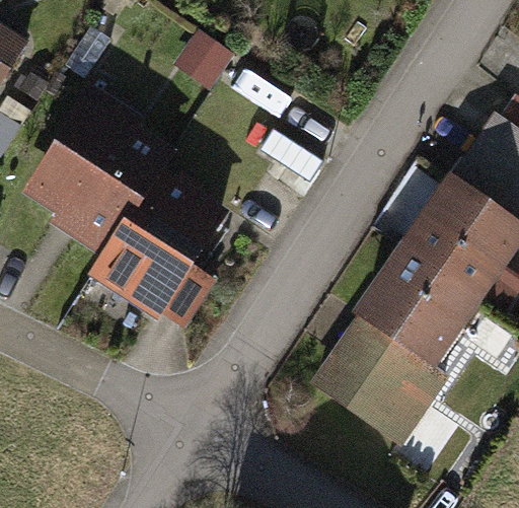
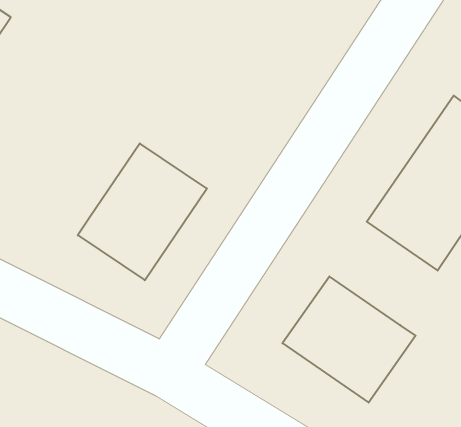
building: [24,99,170,250] -> none
building: [360,255,474,364] -> none

